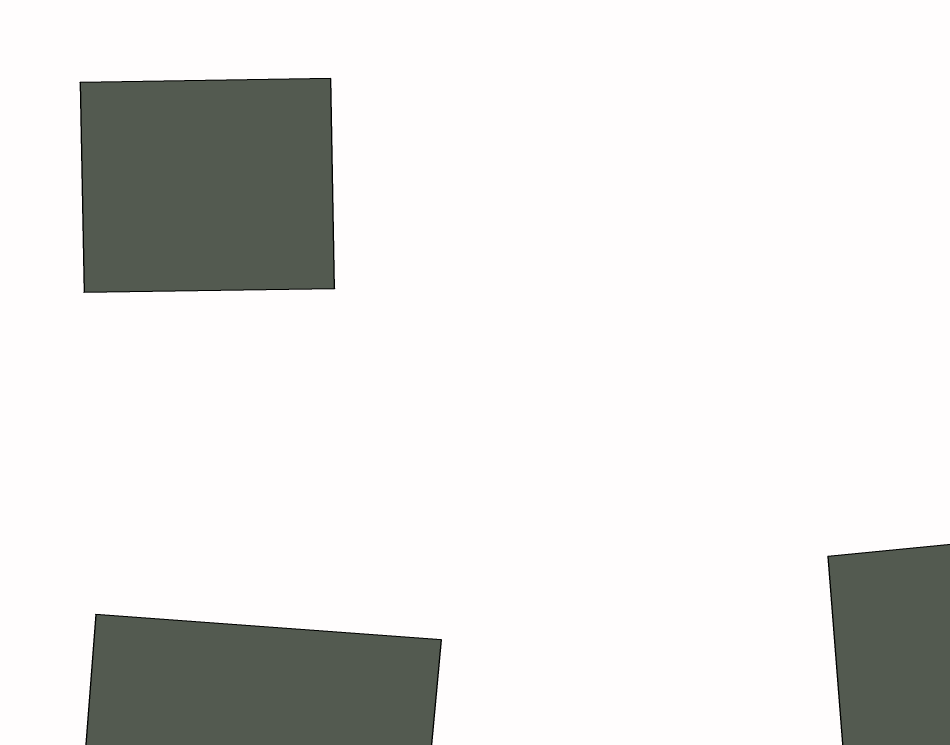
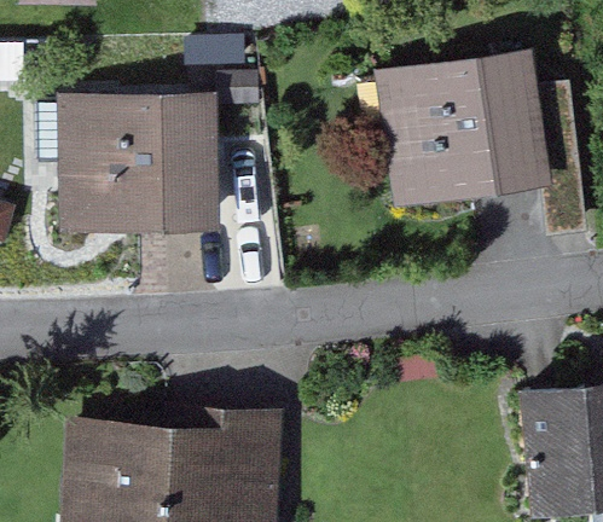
building: none -> [381,51,551,202]

